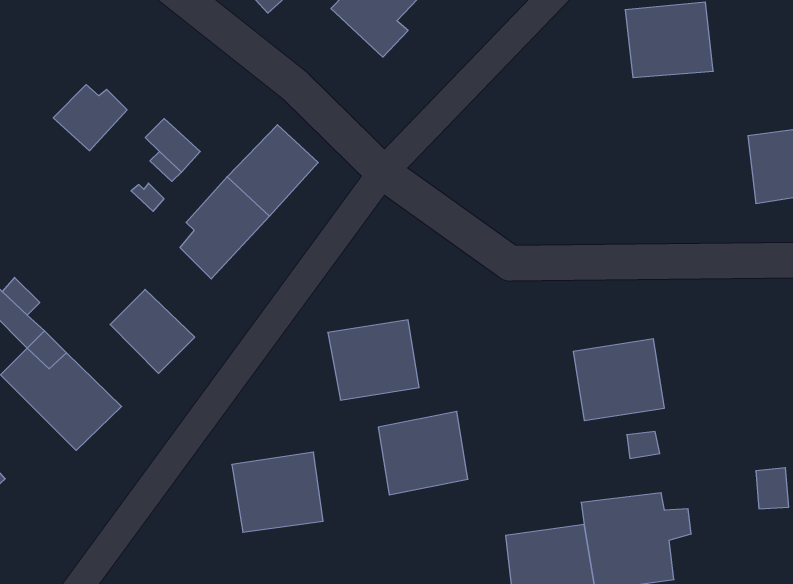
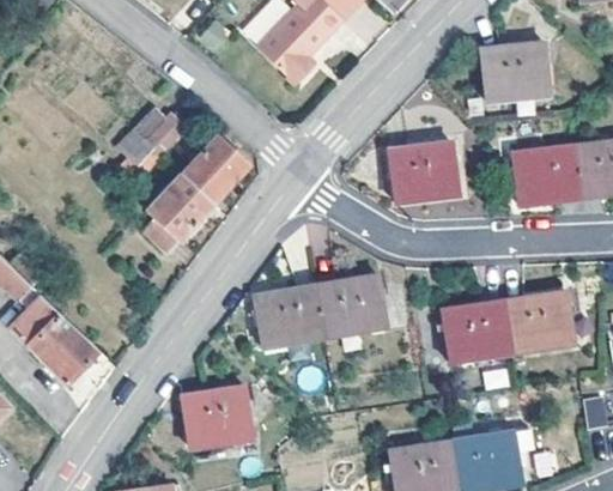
building: [53,85,127,151] -> [131,107,187,157]
building: none -> [389,143,456,201]
building: none -> [514,145,581,205]
building: [110,289,195,373] -> none
building: none -> [503,291,572,352]
building: [378,411,468,495] -> [316,273,384,337]

